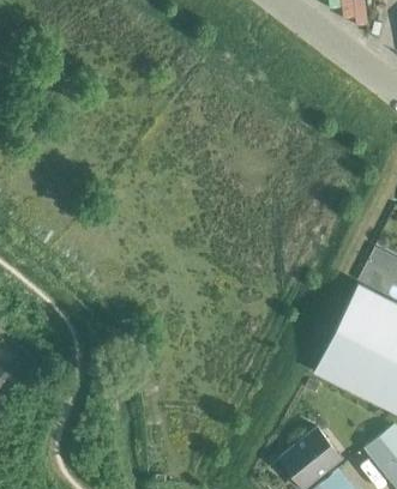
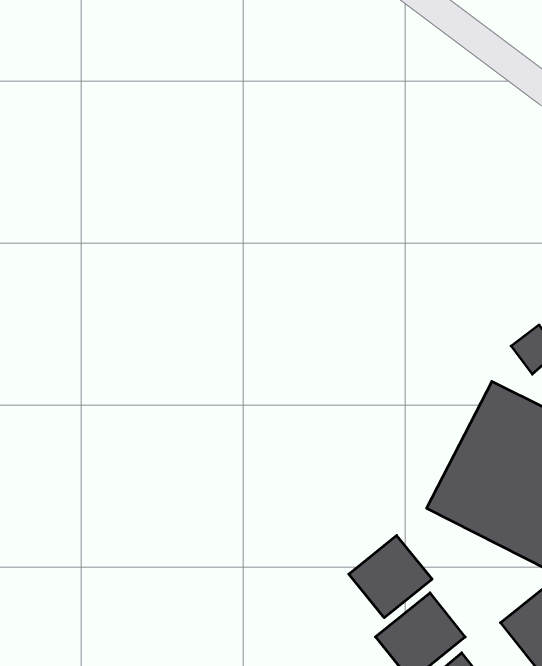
building: none -> [349,535,432,618]

